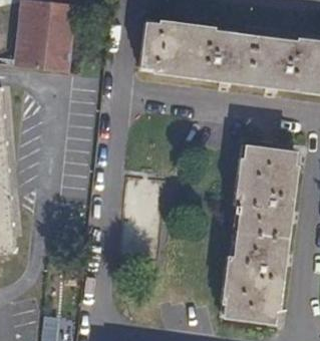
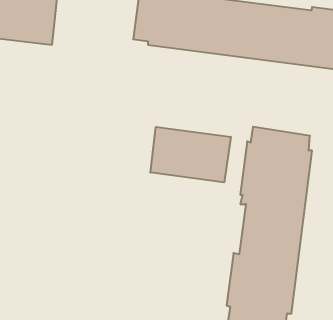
building: none -> [150,127,231,182]

